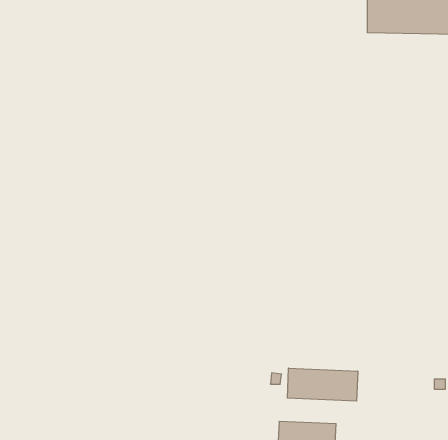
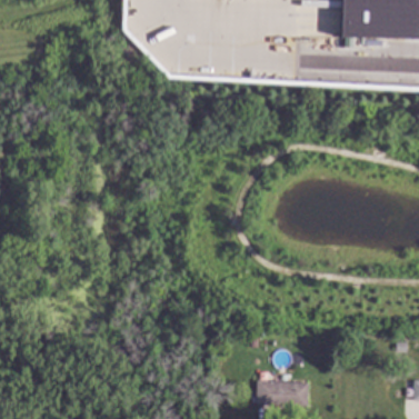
building: [287,368,358,401] -> none

